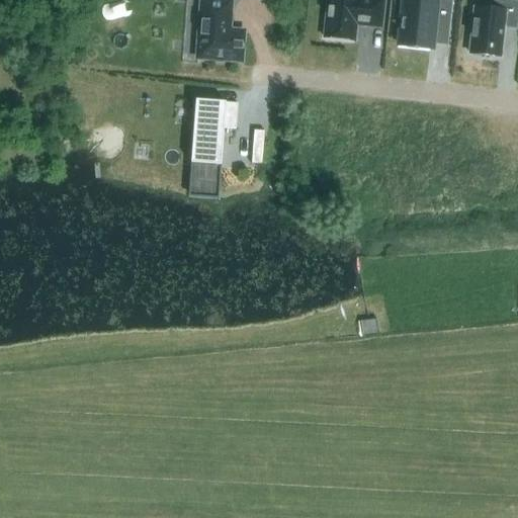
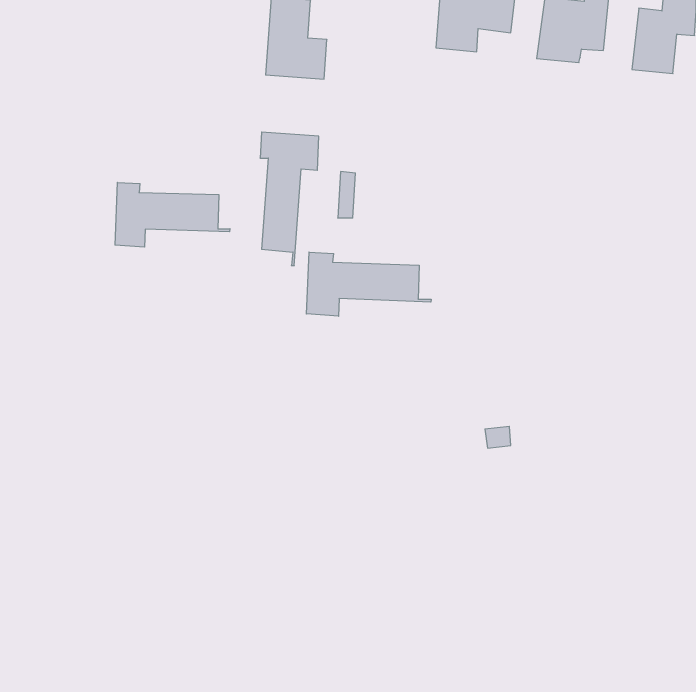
building: none -> [115,182,230,247]
building: none -> [306,252,431,316]

